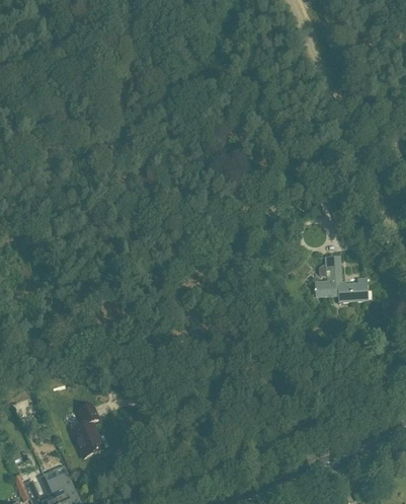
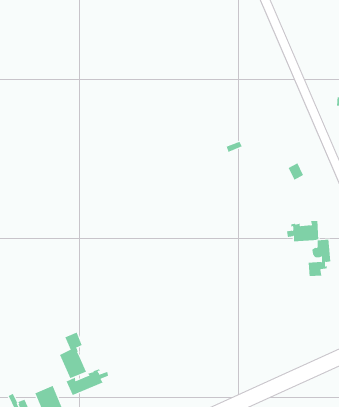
building: [316,256,342,298] -> [308,239,331,277]
building: none -> [66,368,109,396]

